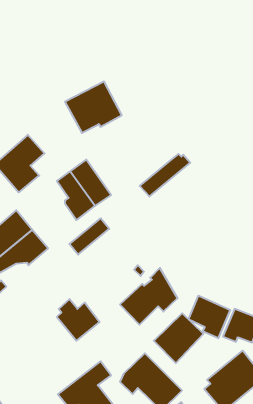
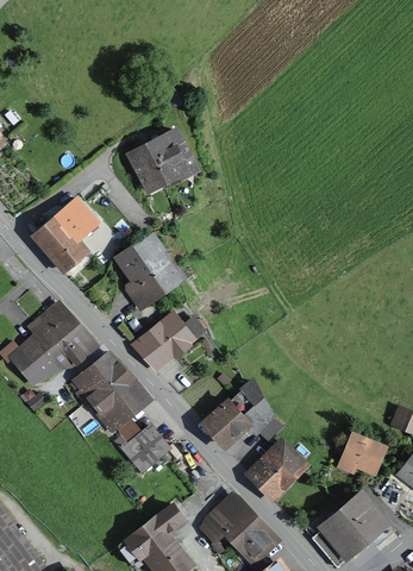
building: [140,154,190,197] -> [143,315,211,372]
building: none -> [70,349,152,433]
building: [189,296,230,338] -> none

